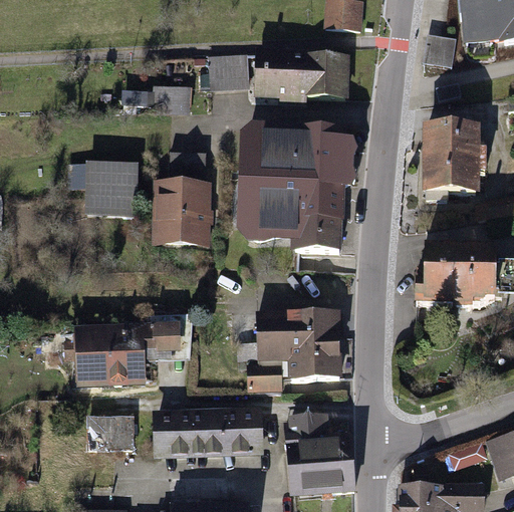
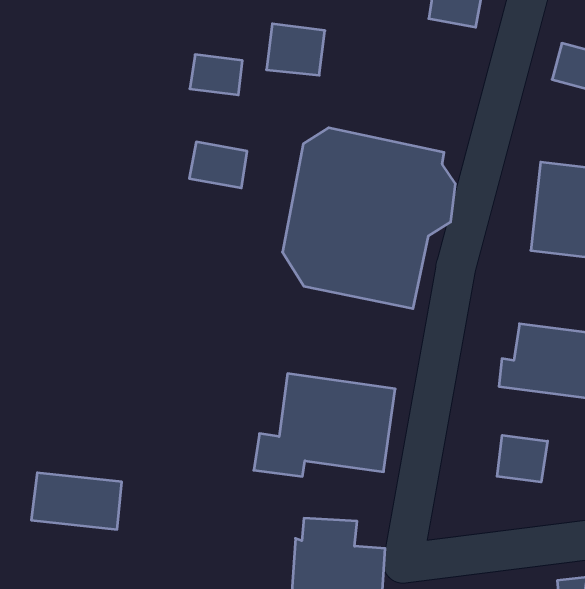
building: [254,50,346,97] -> none
building: [62,164,138,218] -> none
building: [152,183,210,247] -> none
building: [76,321,184,385] -> none
building: none -> [497,435,548,482]
building: [153,405,262,452] -> none

